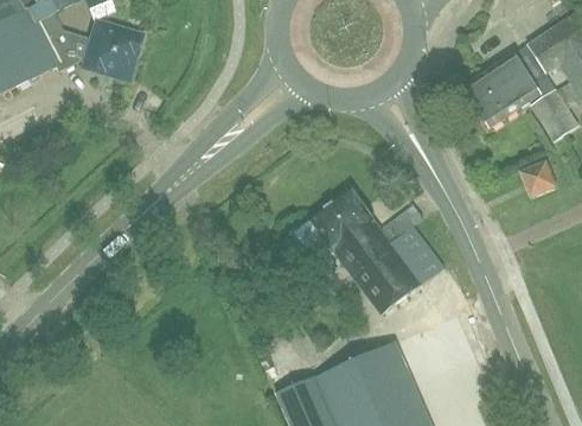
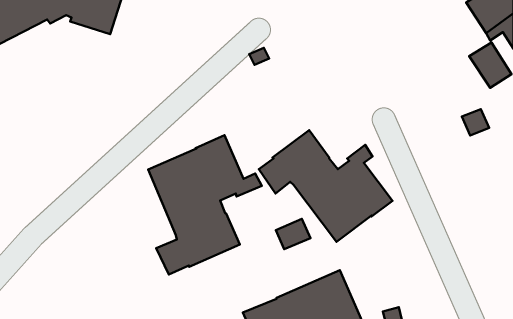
building: [463,53,541,127] -> none
building: none -> [148,135,262,275]
building: none -> [276,219,311,249]

